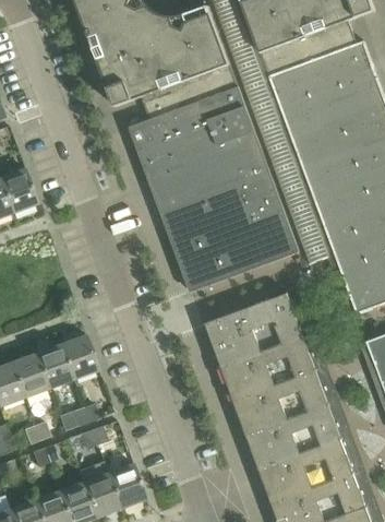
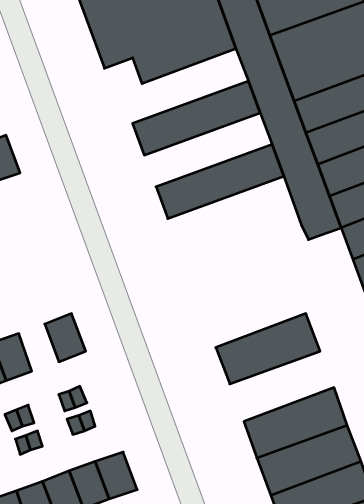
building: [130,88,250,158] -> none
building: [153,149,272,217] -> none
building: [175,207,299,293] -> none
building: [204,294,303,367] -> none
building: [36,345,73,389] -> none
building: [232,370,329,436] -> none

